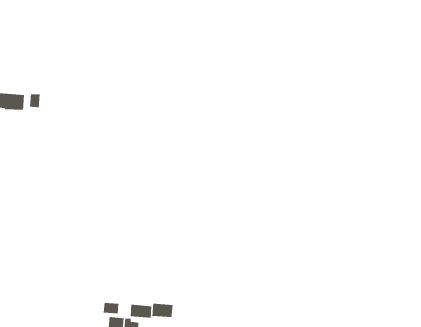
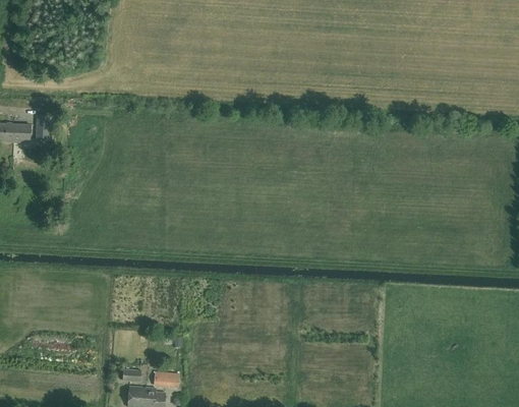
building: [152,303,173,318] -> none

